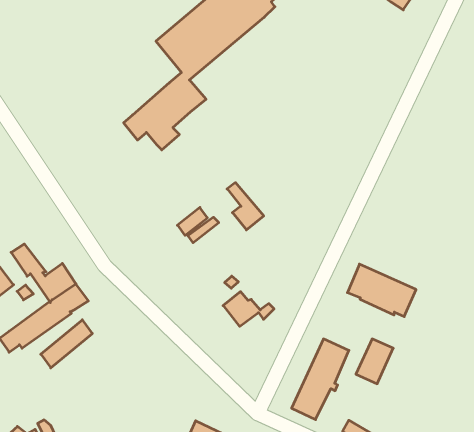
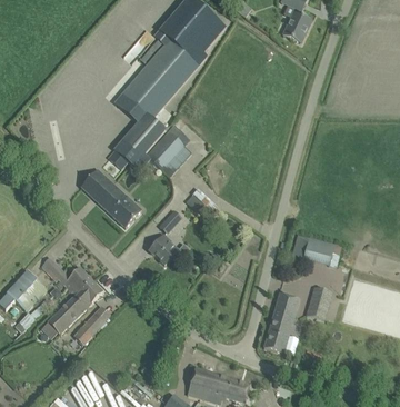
building: none -> [146,130,191,177]
building: none -> [80,169,141,227]
building: [223,292,274,326] -> [149,238,187,264]

